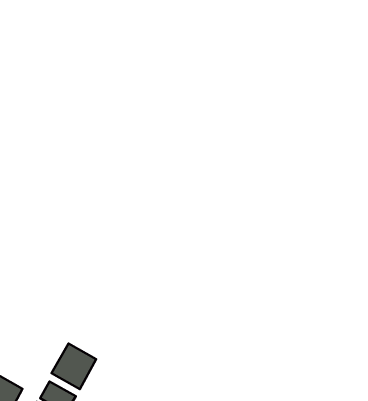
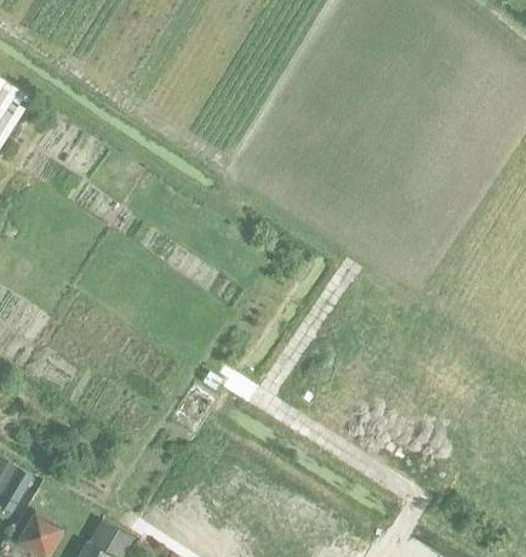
building: [52,344,96,389] -> none

